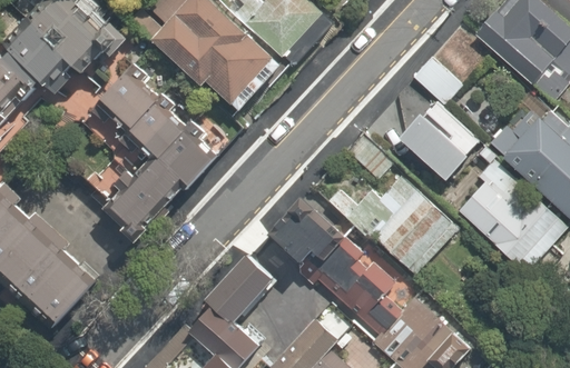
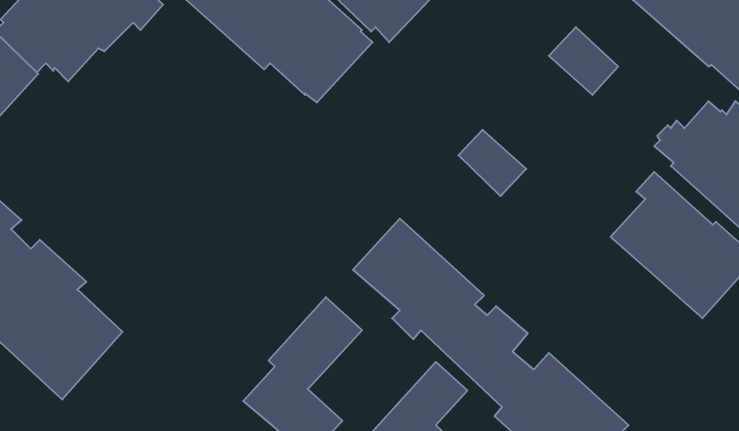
building: [94,63,218,242] -> none
building: [399,101,480,181] -> none
building: [327,172,460,275] -> none

